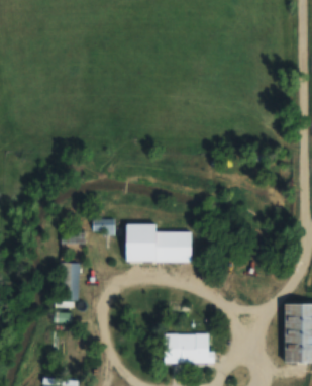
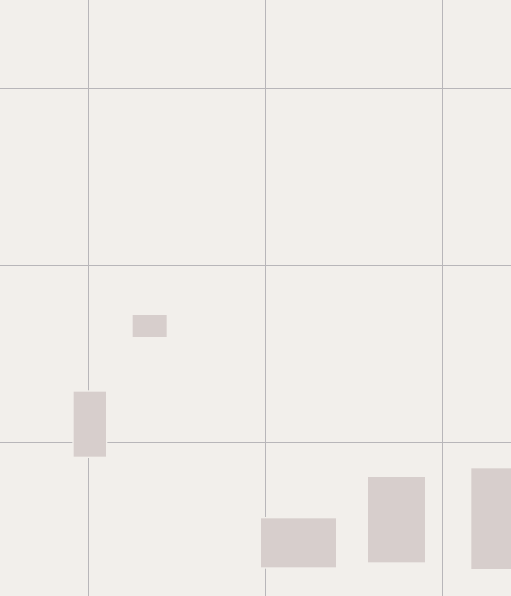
building: [126,223,192,262] -> none
building: none -> [368,476,425,563]

